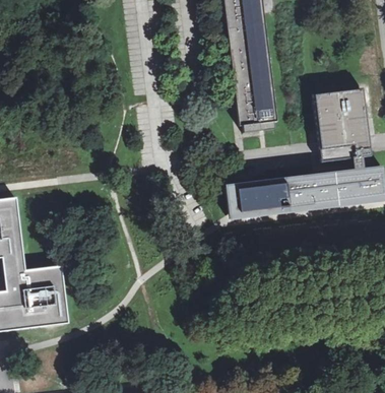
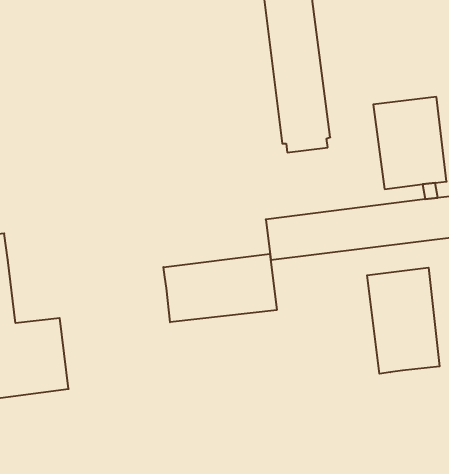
building: none -> [163,254,277,322]
building: none -> [367,268,440,374]

